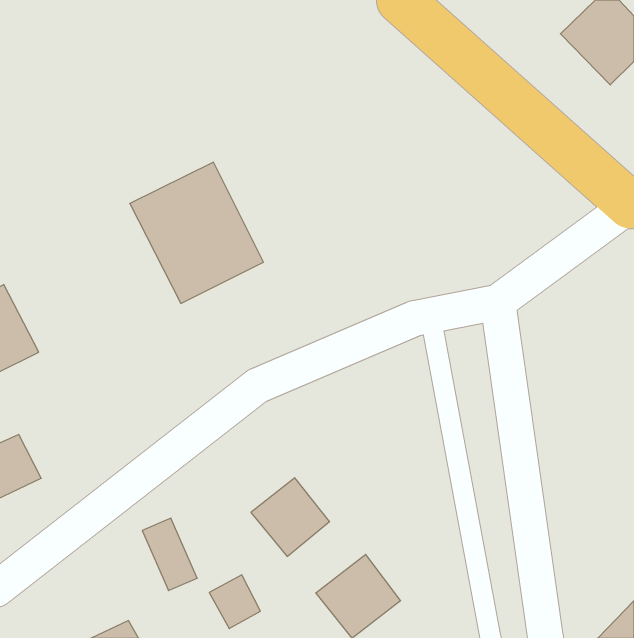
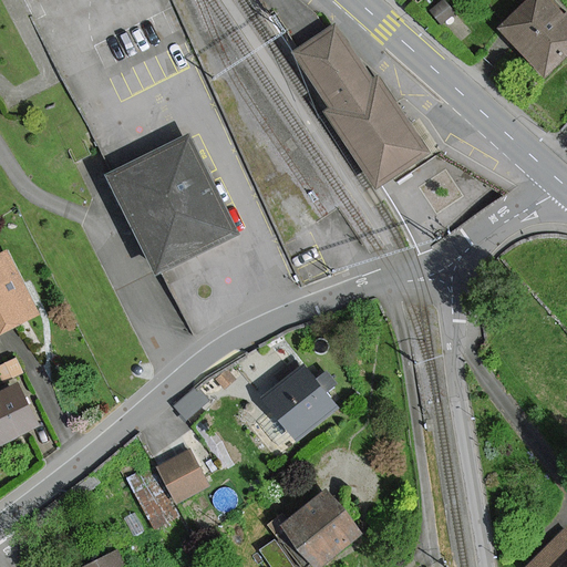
building: none -> [293,25,420,182]
building: [251,478,330,556] -> [261,369,331,439]
building: [209,575,260,629] -> [158,452,204,499]

